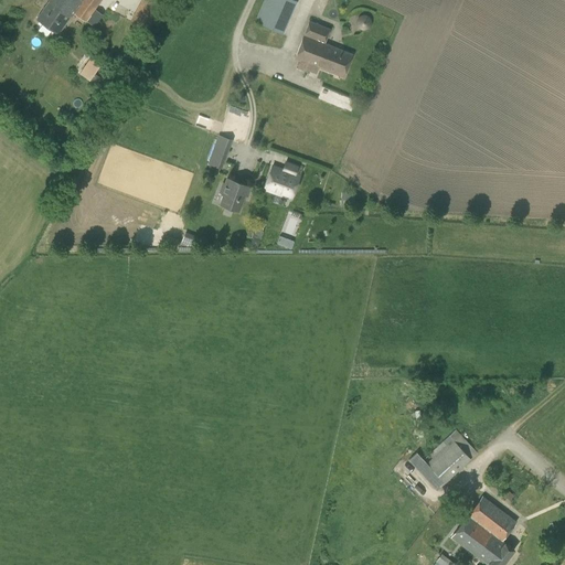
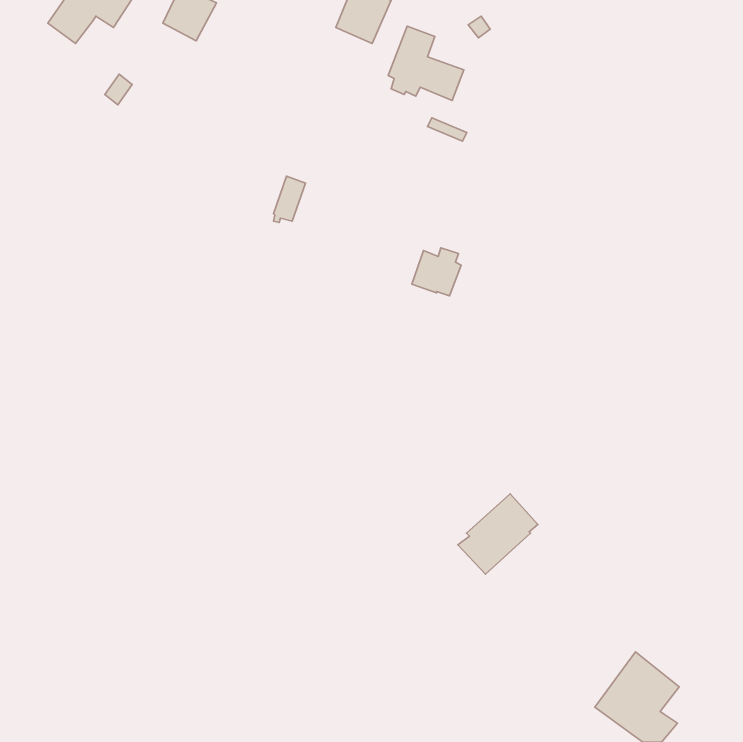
building: [263,161,300,198] -> [412,248,461,296]
building: [218,177,252,212] -> none
building: [416,428,477,489] -> [458,494,538,574]

